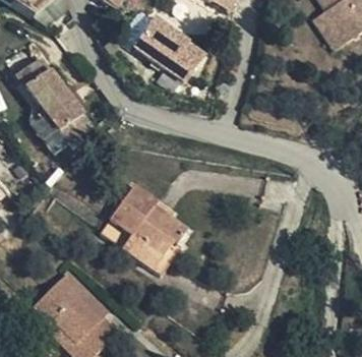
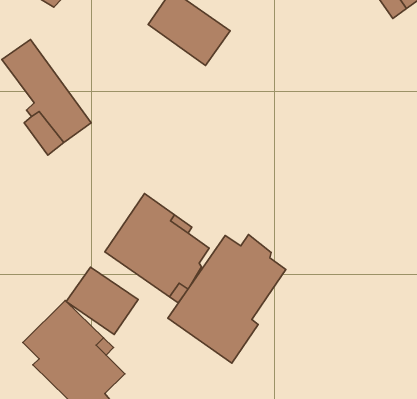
building: none -> [168,234,286,363]
building: none -> [66,267,138,335]

